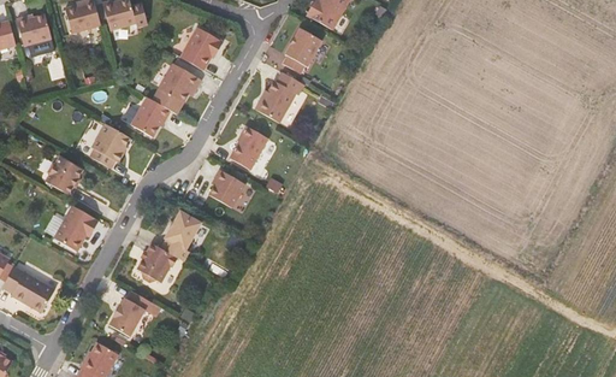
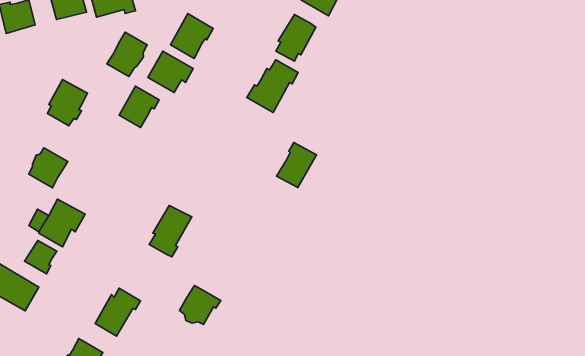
building: none -> [107,32,147,77]
building: [91,123,130,167] -> [48,79,88,126]
building: [230,125,268,169] -> [276,142,317,188]
building: [209,169,245,207] -> none
building: [138,243,178,281] -> [180,285,221,324]
building: none -> [25,240,57,274]

